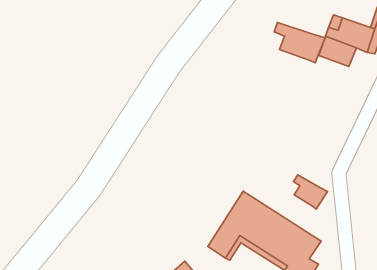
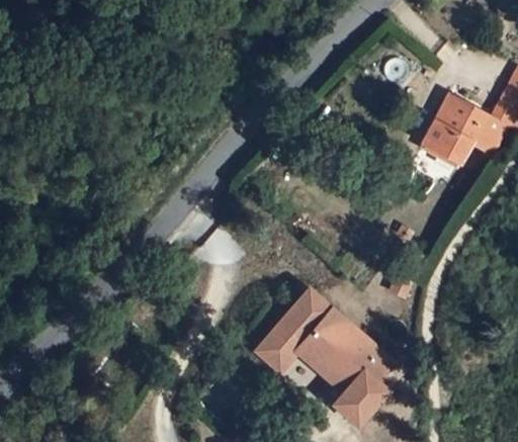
building: [274,22,325,63] -> none
building: [294,175,328,209] -> none

